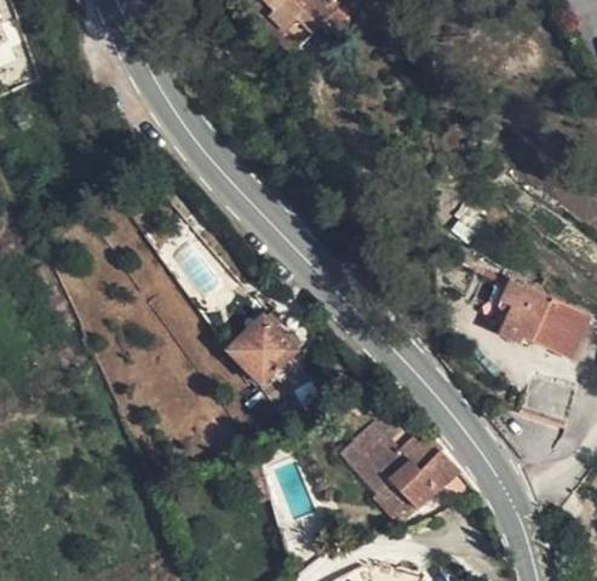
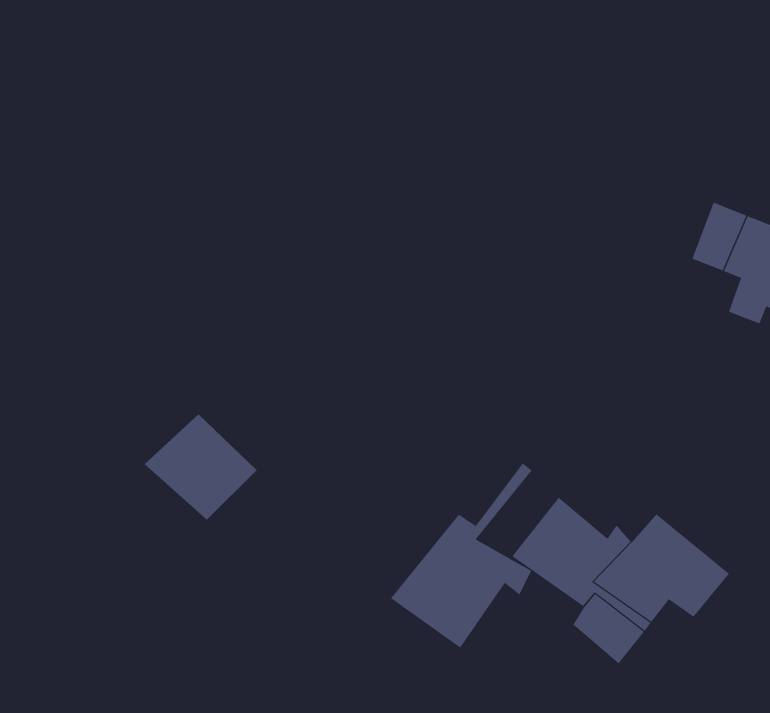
building: [217,309,286,375] -> [144,413,258,520]
building: none -> [390,462,533,649]

